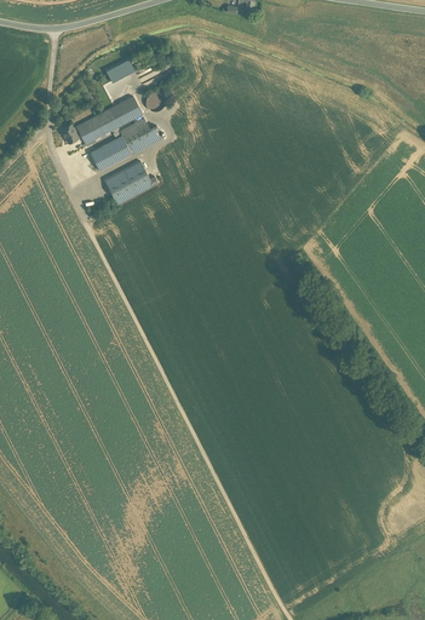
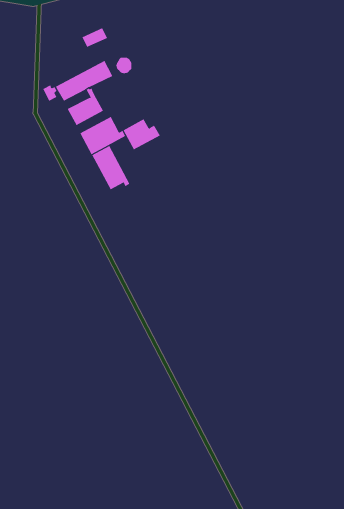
building: [120,117,163,154] -> [123,118,161,150]
building: none -> [92,145,130,190]

